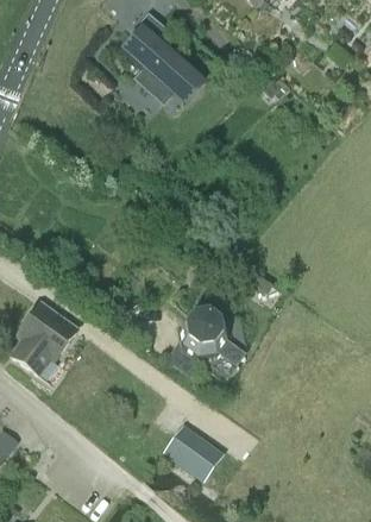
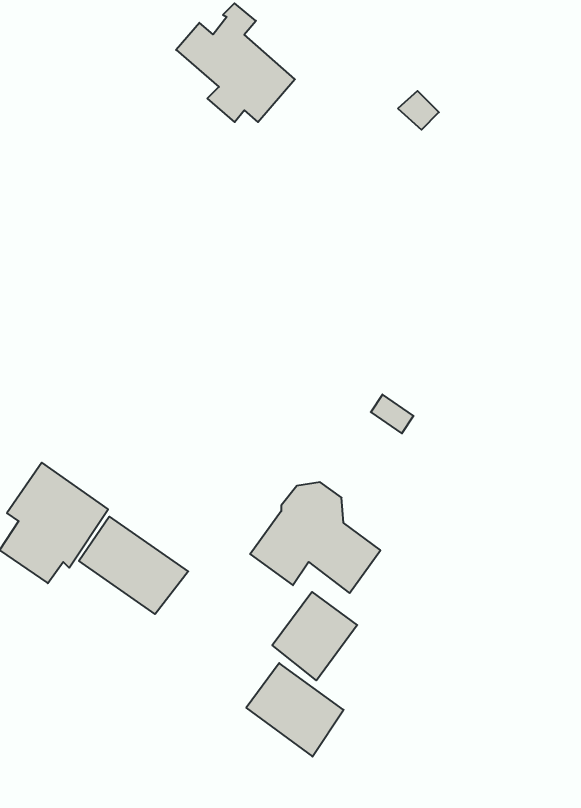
building: none -> [79,517,188,614]
building: none -> [272,592,357,680]

